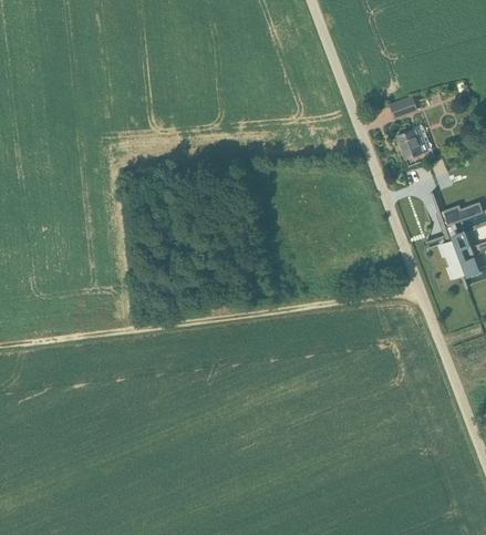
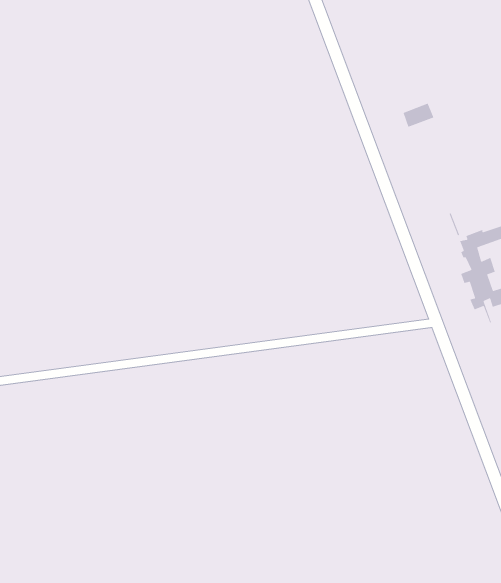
building: [397,130,423,160] -> none

